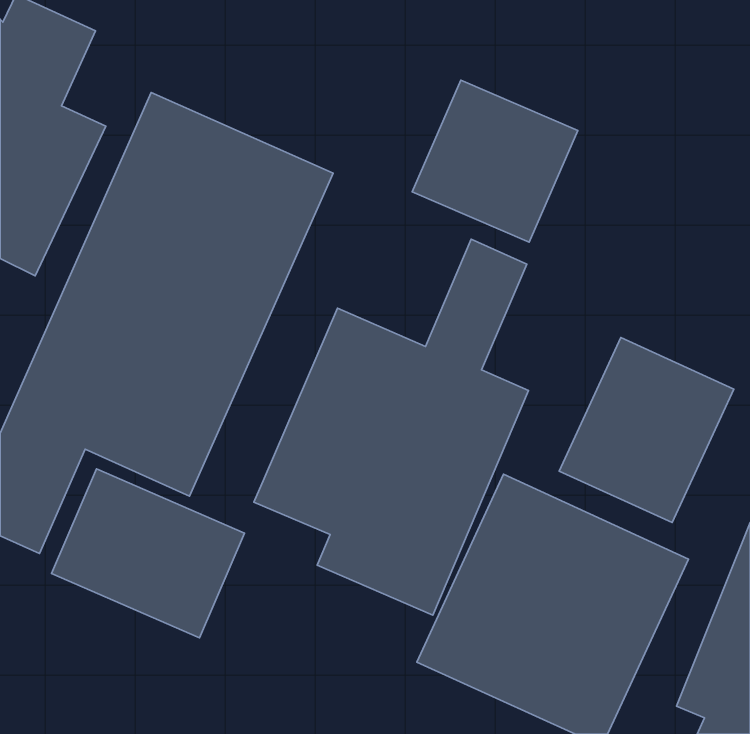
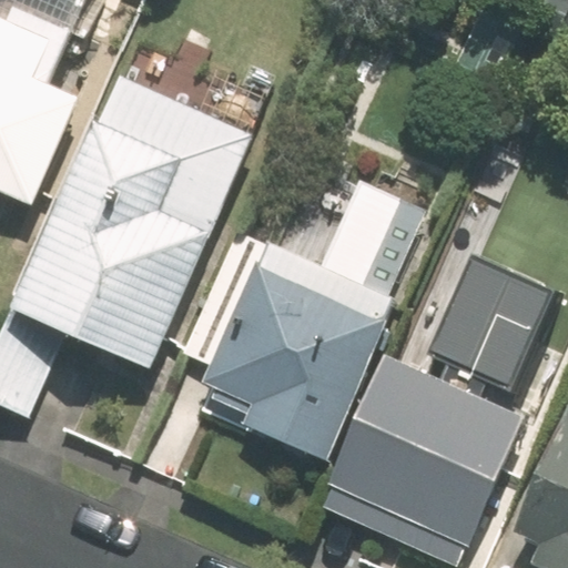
building: [412,80,578,242] -> none
building: [52,469,244,638] -> none

